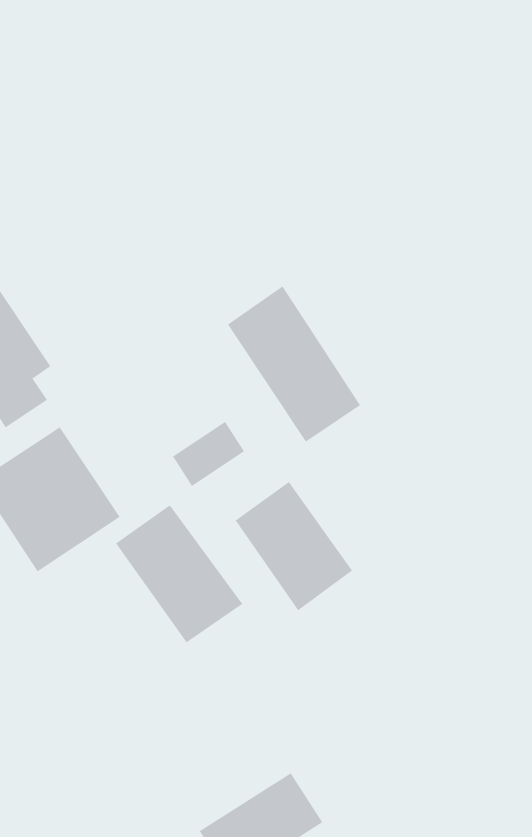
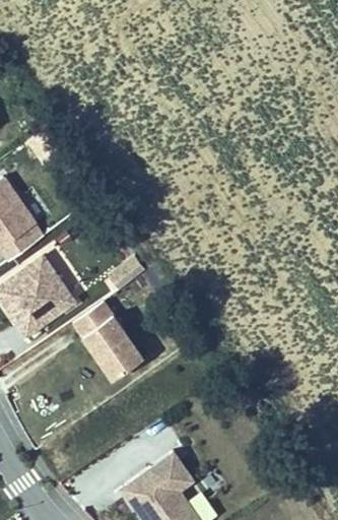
building: [227,286,361,443] -> none
building: [235,481,353,611] -> none

